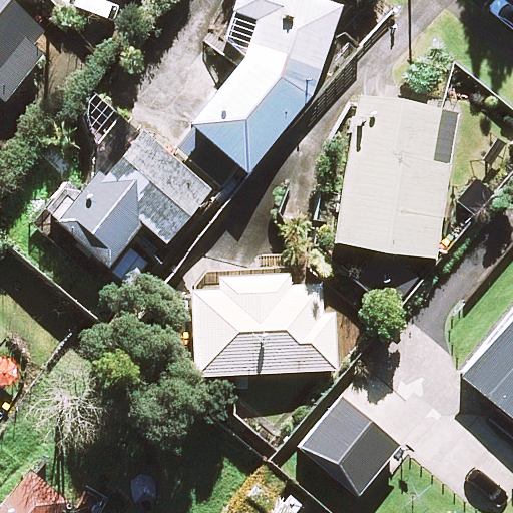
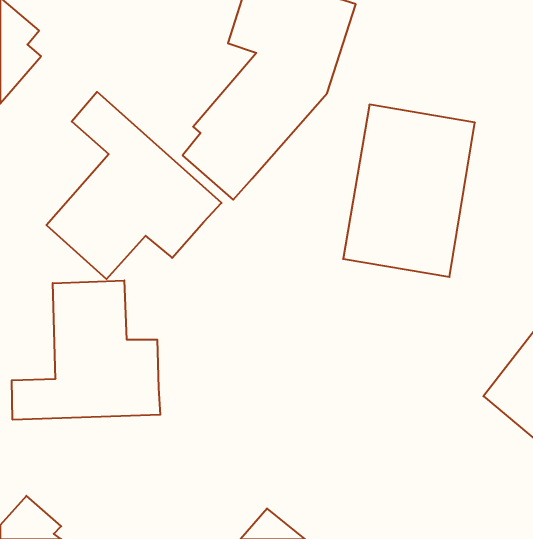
building: none -> [12,280,160,420]
building: [189,274,339,374] -> none
building: [301,398,399,495] -> none

